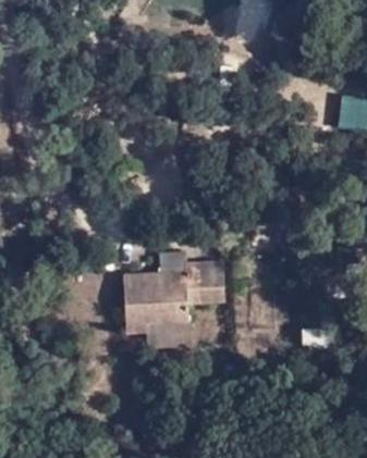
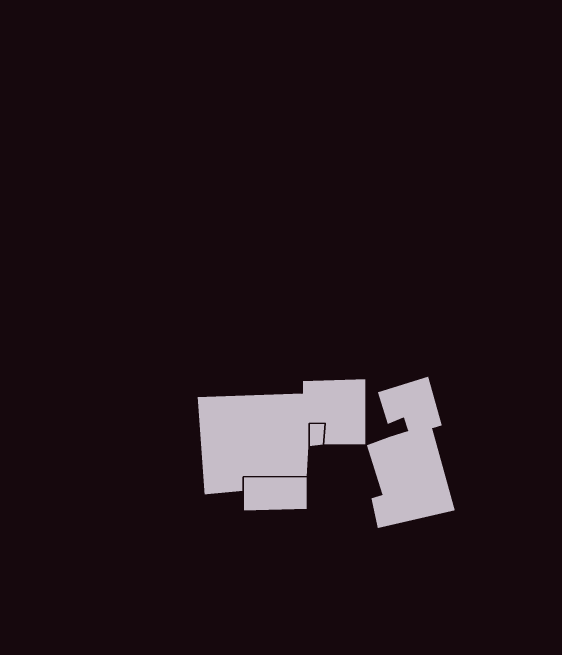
building: none -> [366,376,455,529]

